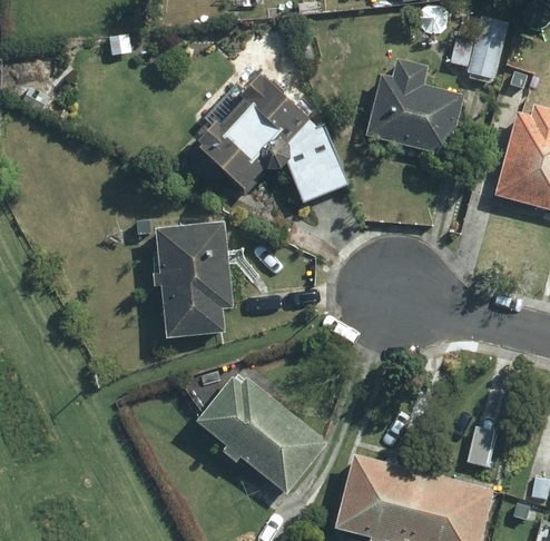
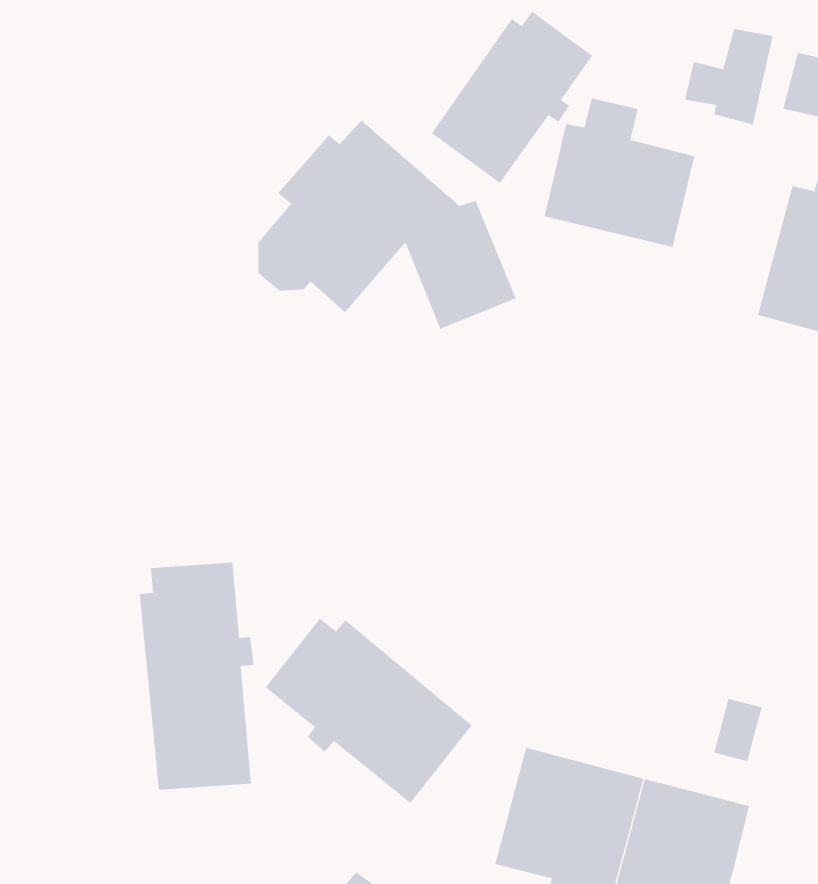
building: none -> [431,11,593,184]
building: [151,223,229,335] -> none
building: none -> [139,562,254,790]

